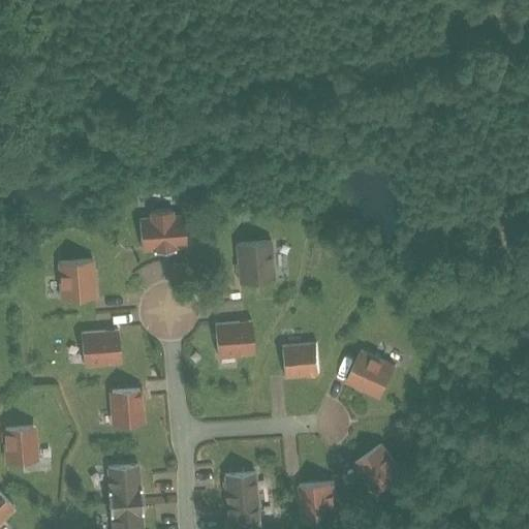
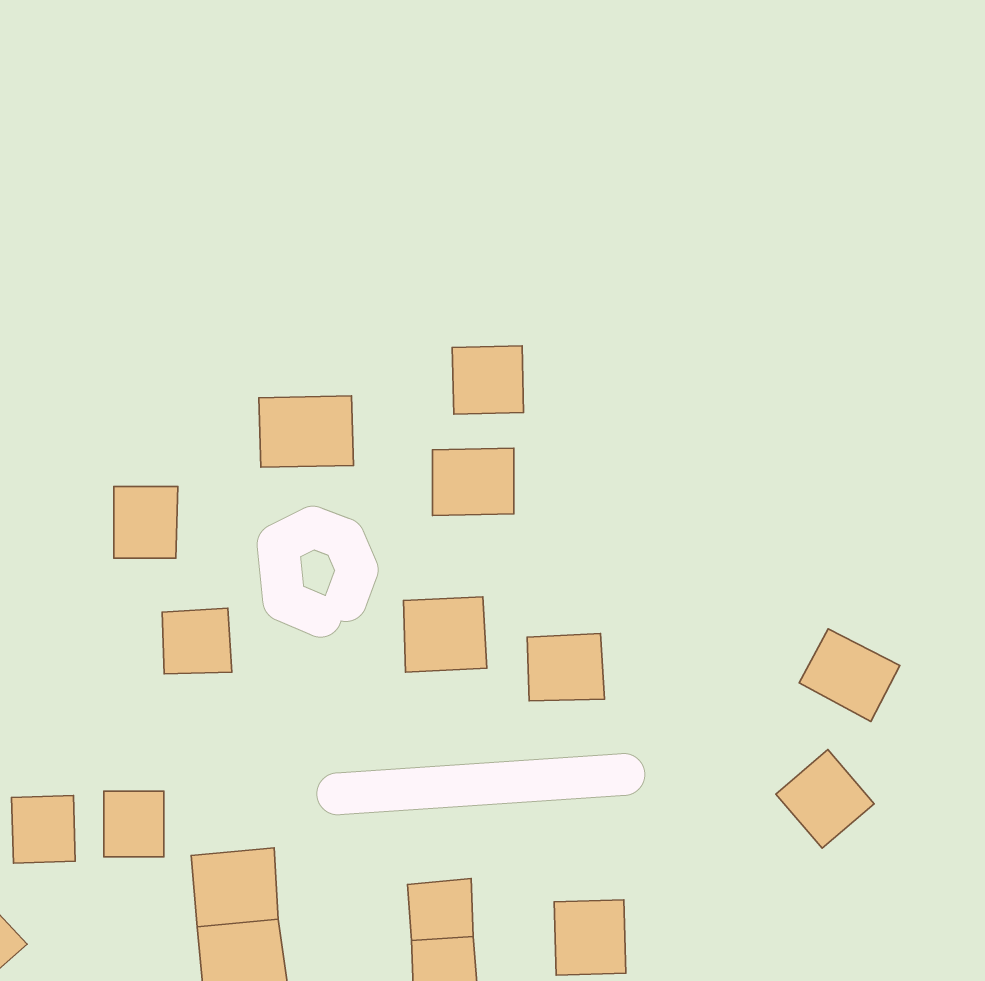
building: none -> [452,346,524,414]
building: [344,351,398,401] -> [799,629,900,722]
building: [111,393,143,428] -> [104,791,164,857]
building: [351,443,404,496] -> [776,750,874,848]

